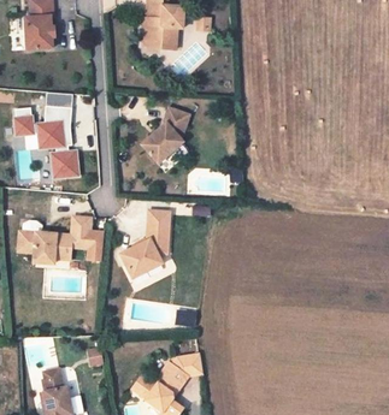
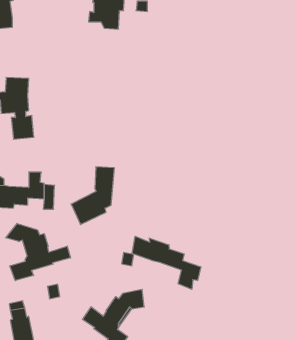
building: [140,107,188,162] -> none
building: none -> [6,223,71,281]
building: none -> [132,236,201,289]

